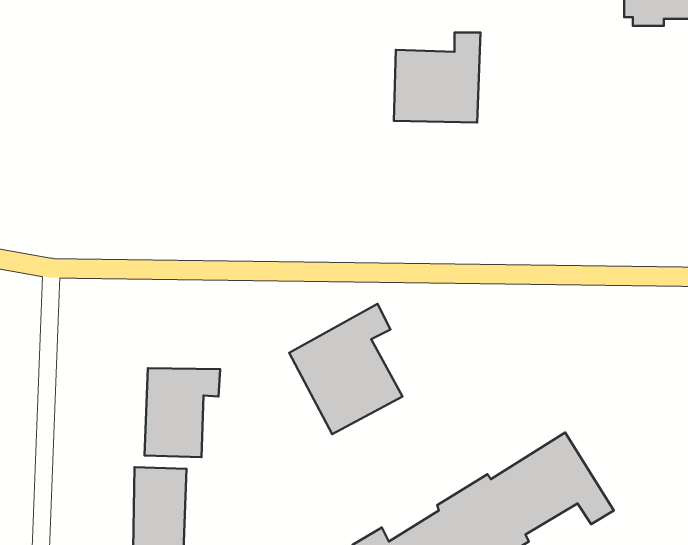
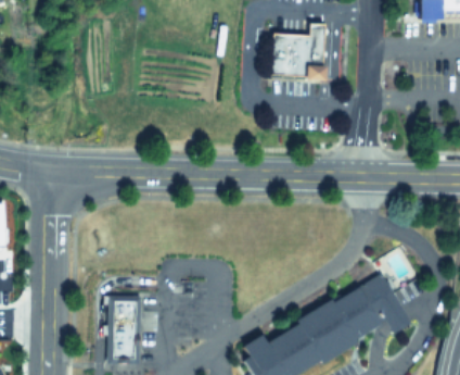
building: [289,304,402,434] -> none
building: [145,368,220,457] -> none

